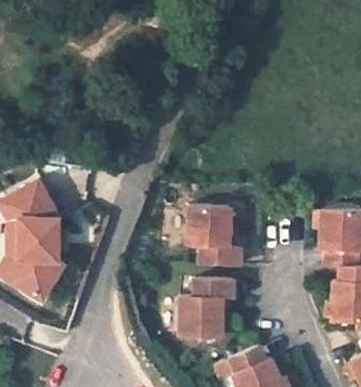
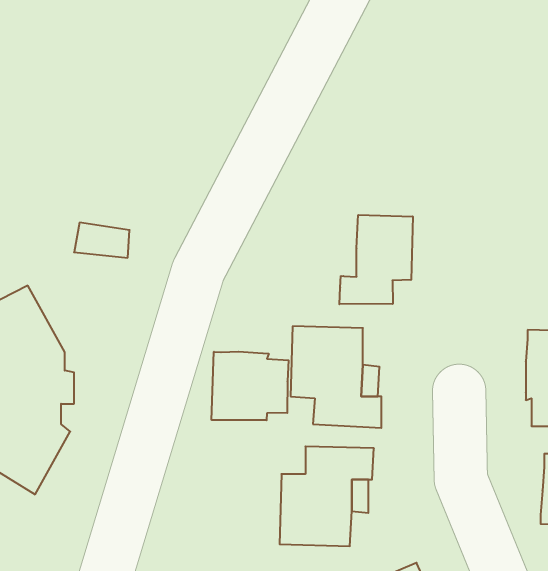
building: none -> [339,215,413,304]
building: none -> [212,352,289,420]

